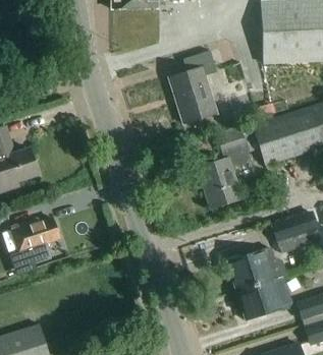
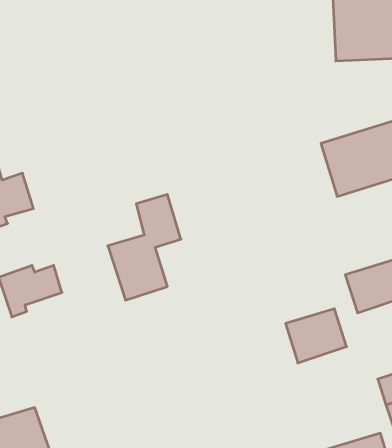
building: [168,50,217,122] -> none
building: [197,128,252,208] -> [108,194,181,300]
building: [236,278,282,318] -> none

